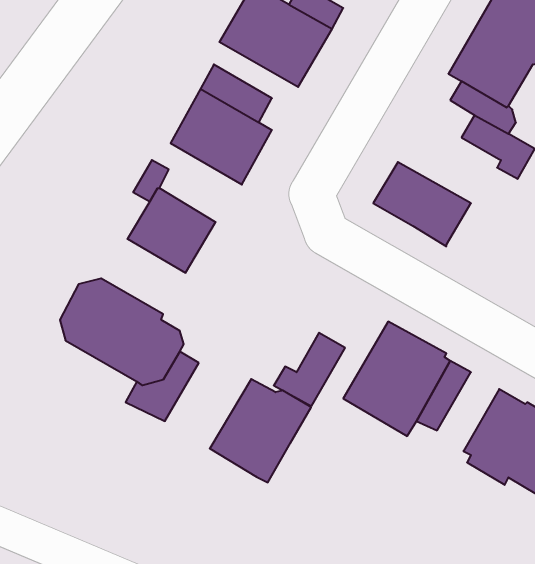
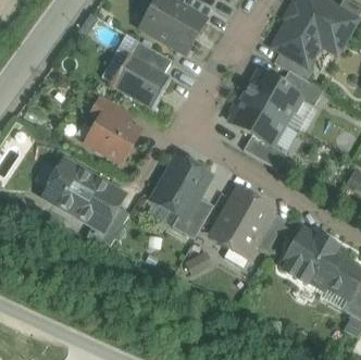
building: none -> [244,71,303,121]
building: none -> [244,134,286,169]
building: [210,379,311,482] -> [151,159,210,219]

